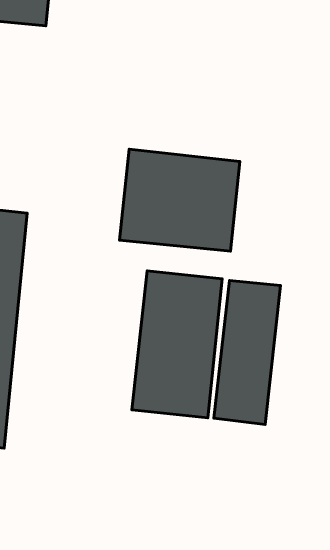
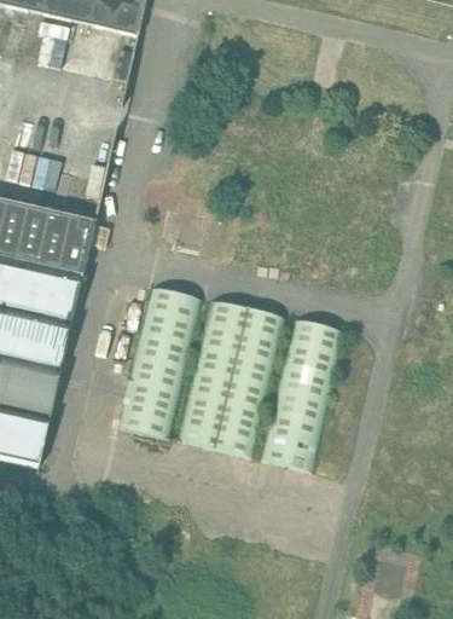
building: [119,149,240,251] -> none
building: none -> [117,285,202,439]

